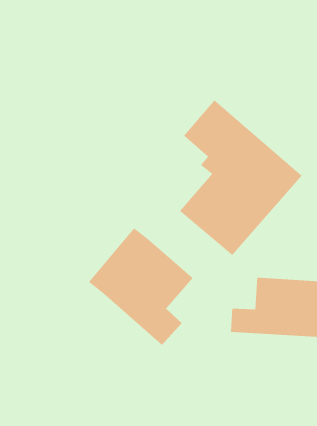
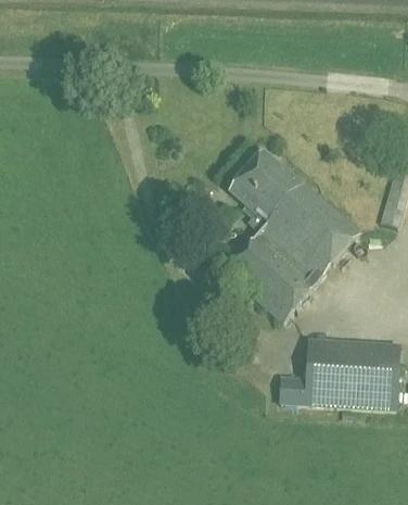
building: [88,227,193,346] -> none

